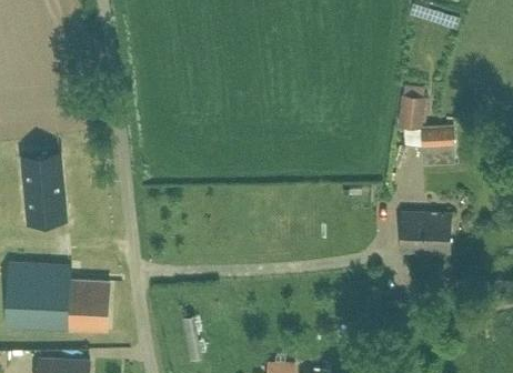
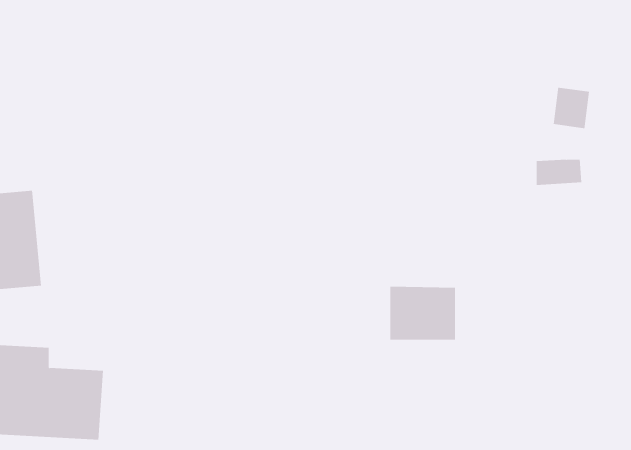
building: [399,94,425,124] -> [553,87,590,129]
building: [401,213,449,252] -> [390,286,456,340]

